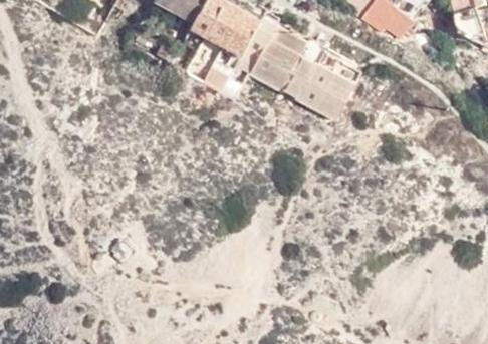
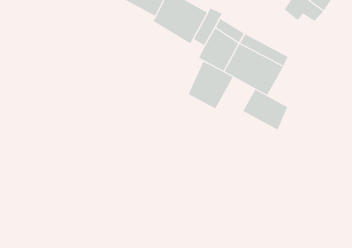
building: none -> [188,61,233,109]
building: none -> [242,89,288,130]

